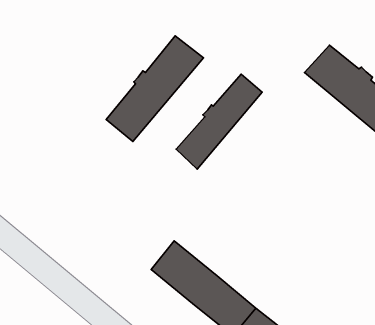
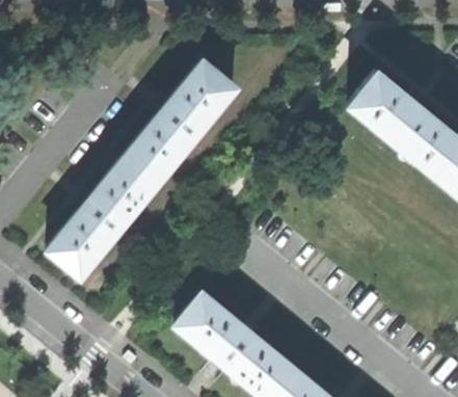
building: [176,74,262,169] -> none
building: none -> [46,157,155,275]

